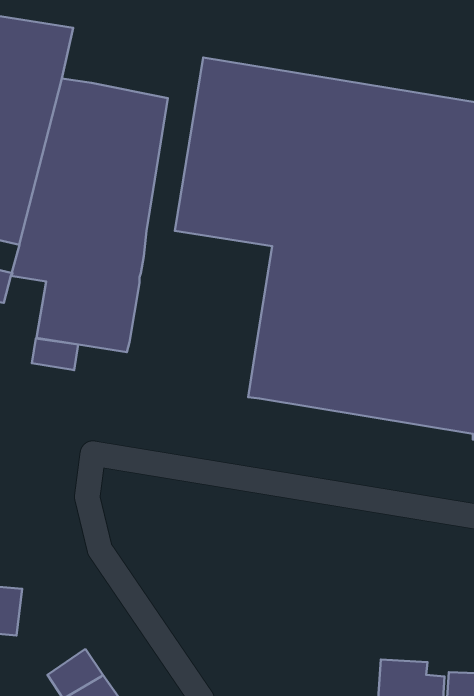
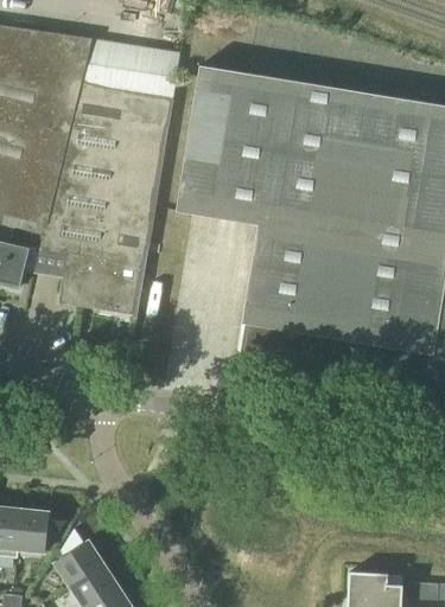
building: none -> [94,41,185,92]
building: [32,339,78,370] -> none
building: none -> [53,529,101,584]

